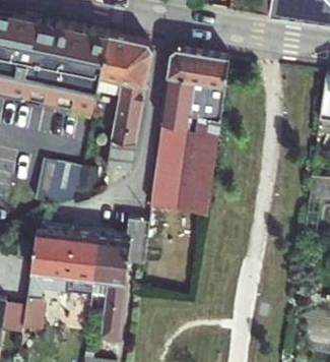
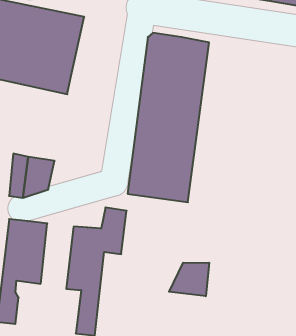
building: [97,33,153,171] -> none
building: [66,231,101,311] -> none
building: none -> [169,263,209,296]

